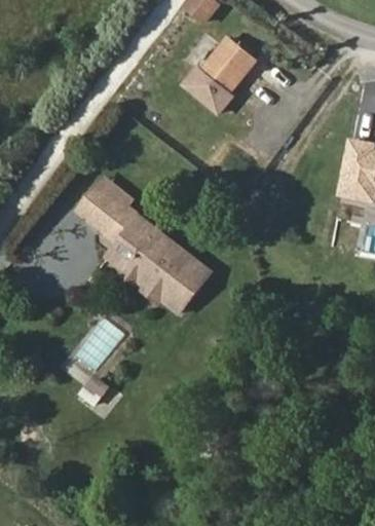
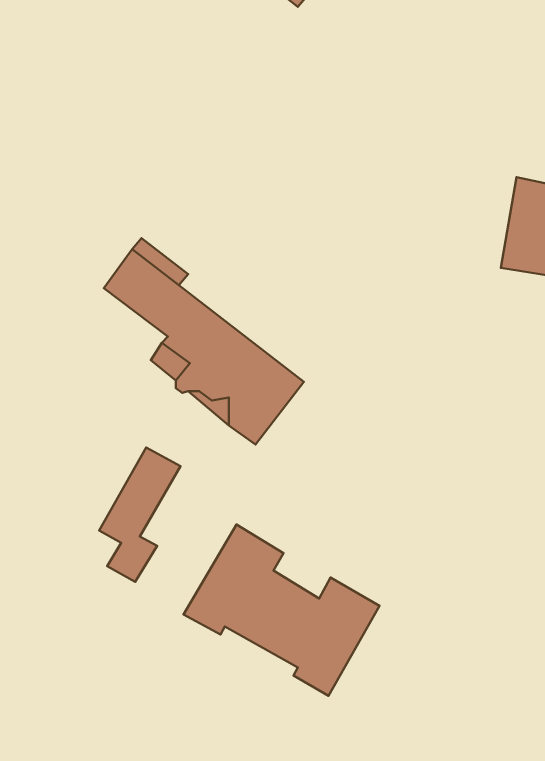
building: [179,35,258,116] -> none
building: none -> [183,524,379,696]

